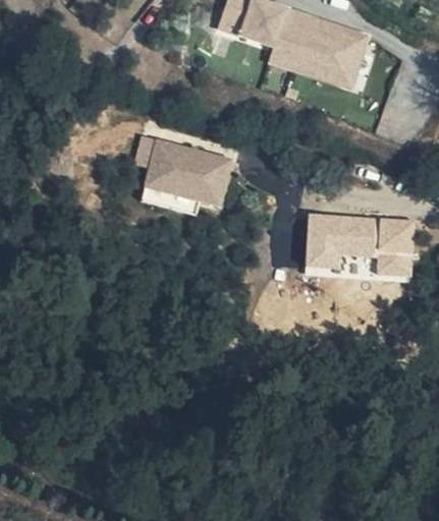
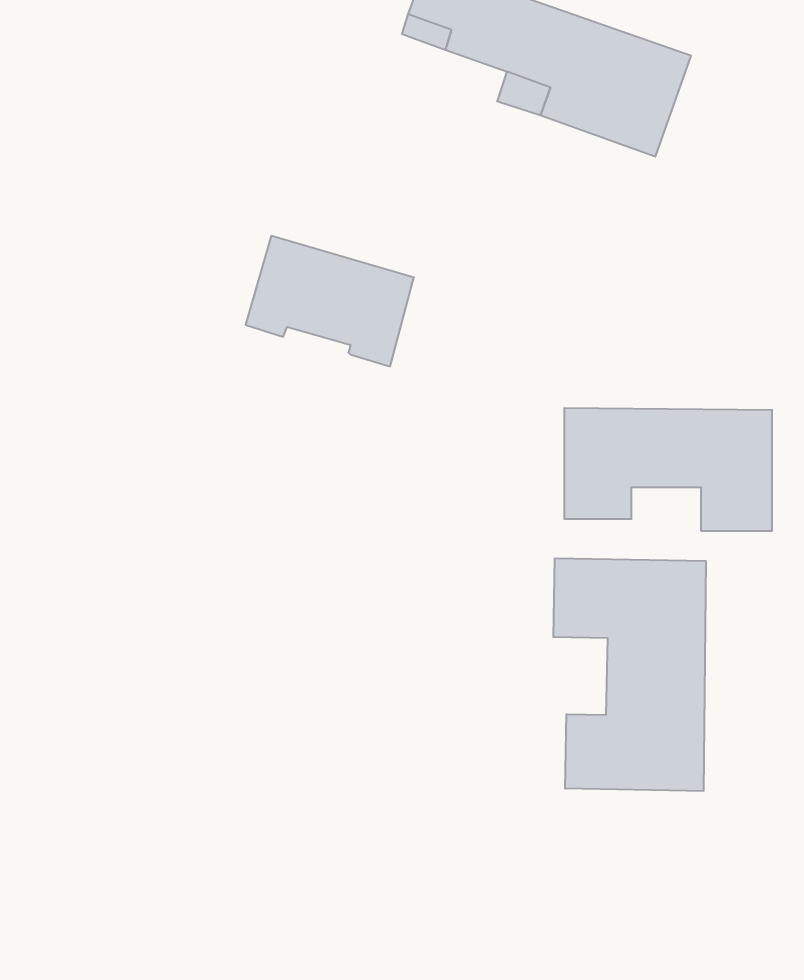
building: [138,175,196,206] -> none
building: none -> [553,558,706,791]

